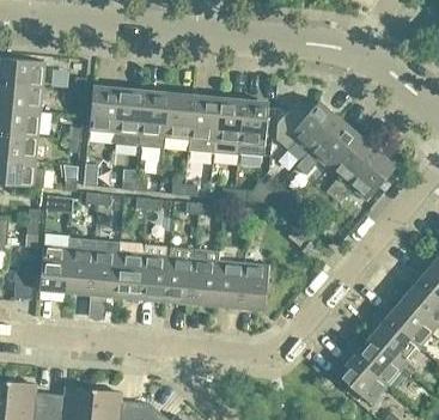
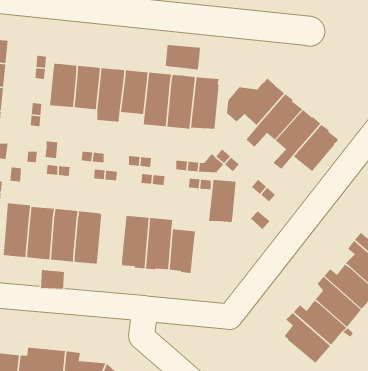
building: none -> [165,44,201,71]
building: [140,245,169,300] -> none
building: [239,263,269,310] -> [208,179,237,223]

